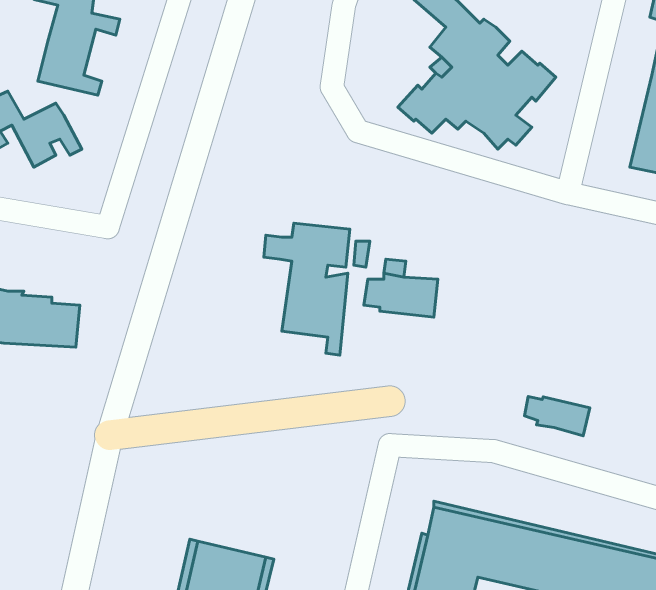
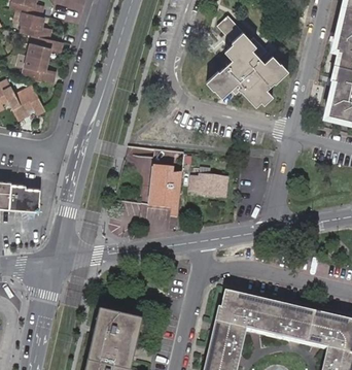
building: [525,396,590,436] -> none

